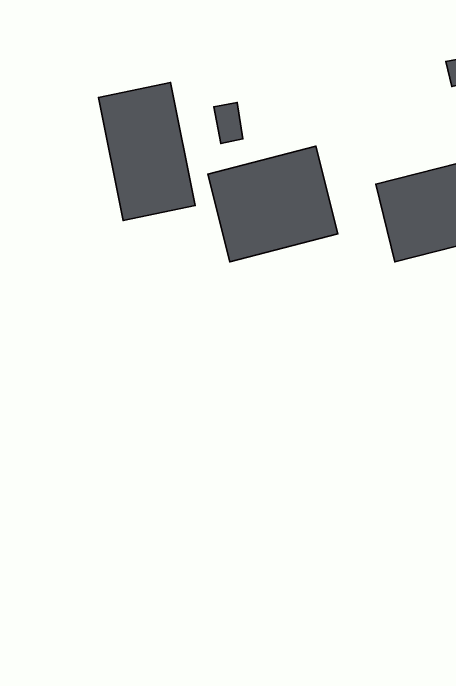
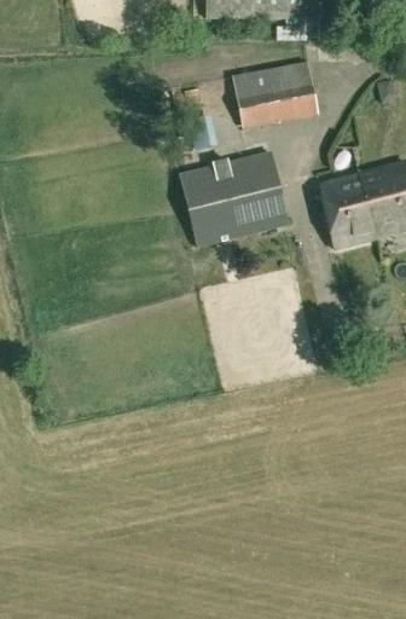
building: none -> [231,59,319,128]
building: [98,82,195,221] -> none

